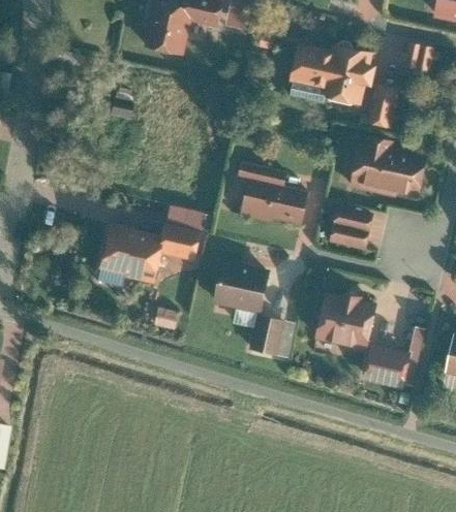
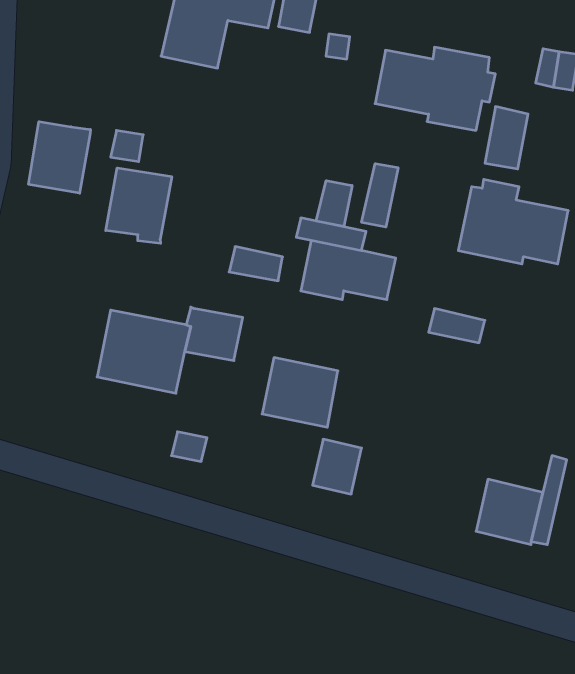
building: none -> [29,122,90,193]
building: none -> [362,164,398,227]
building: none -> [106,168,172,243]
building: none -> [316,181,352,226]
building: [168,207,205,231] -> [229,247,283,281]
building: [335,209,373,233] -> none
building: [320,292,373,349] -> none

